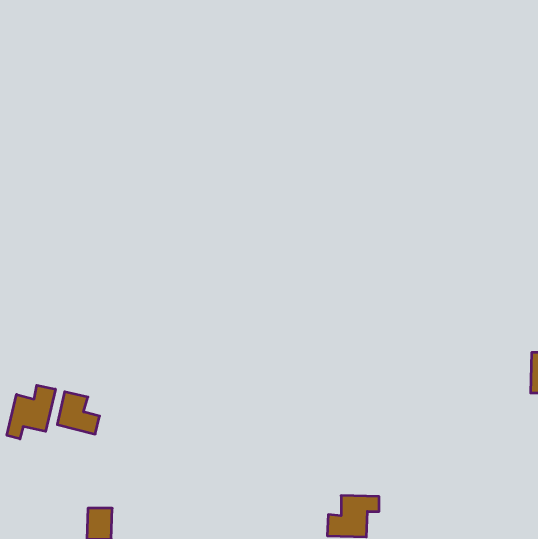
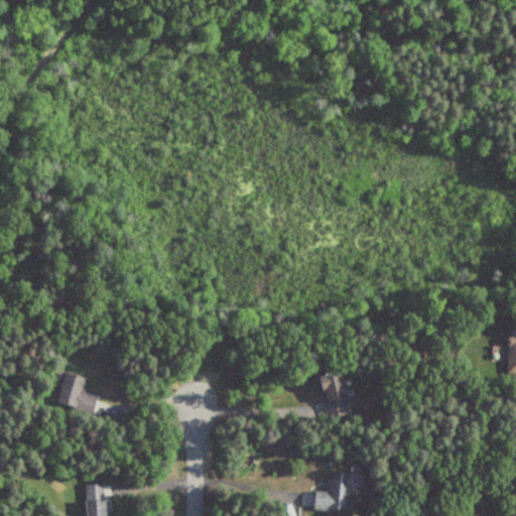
building: [7,385,55,439] -> none
building: none -> [316,370,350,416]

